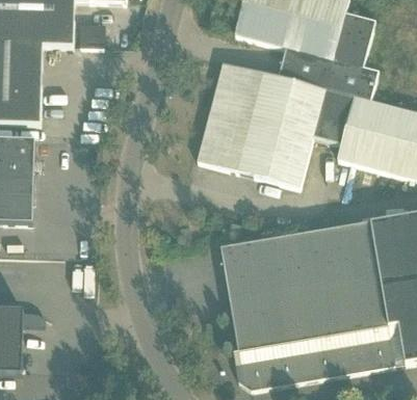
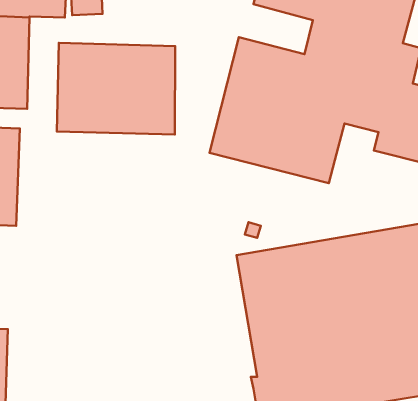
building: none -> [57,43,175,135]

